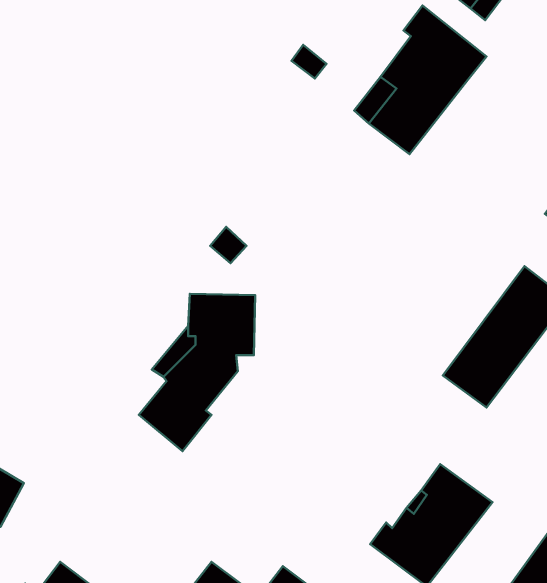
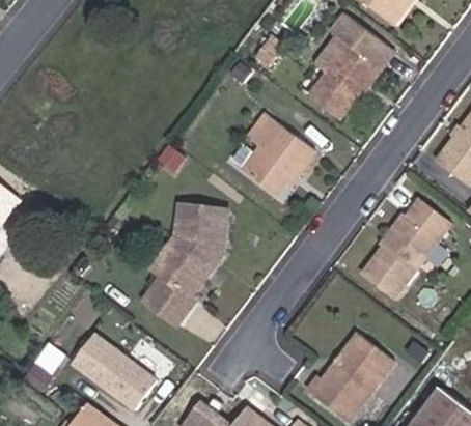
building: none -> [243,111,313,194]
building: none -> [71,331,156,407]

